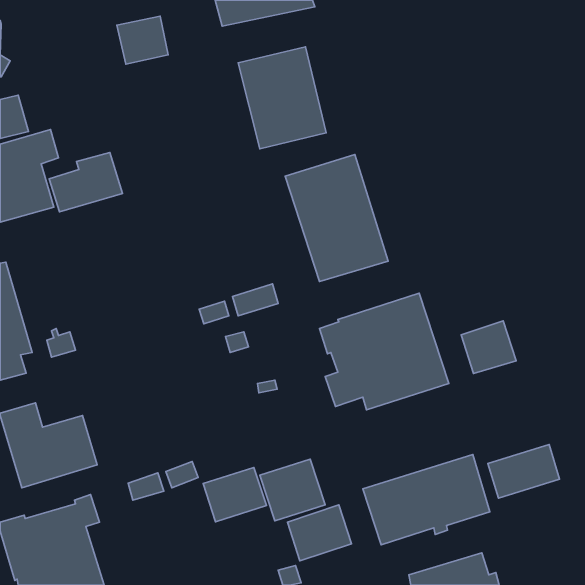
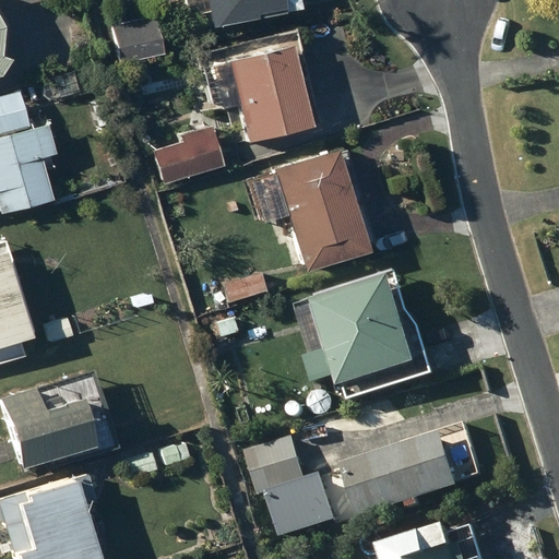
building: [49,152,122,212] -> [153,124,223,181]
building: [461,321,516,374] -> none
building: [488,445,559,498] -> none
building: [203,467,267,522] -> none

